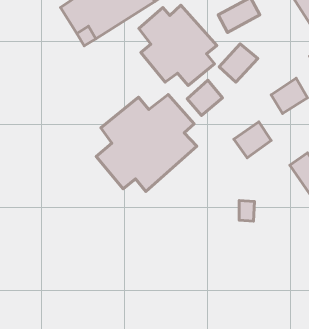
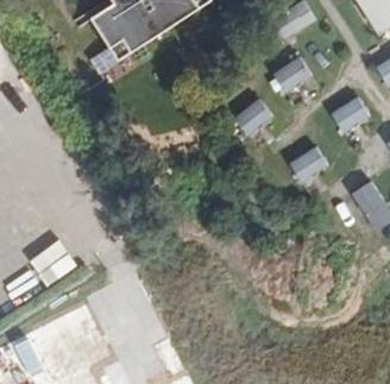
building: [139,5,217,86] -> none
building: [96,94,197,191] -> none

